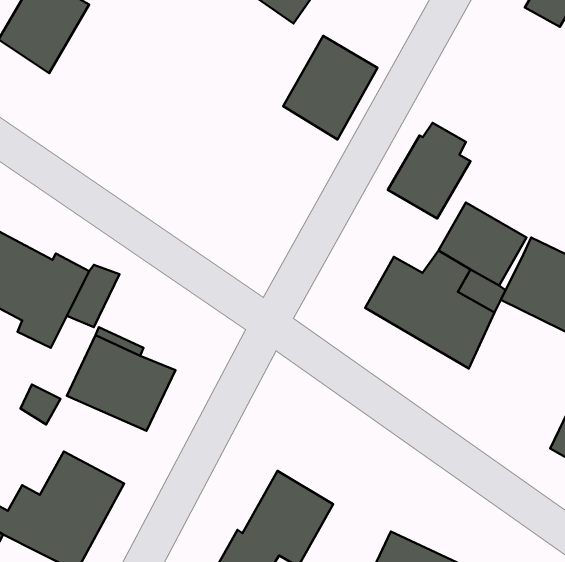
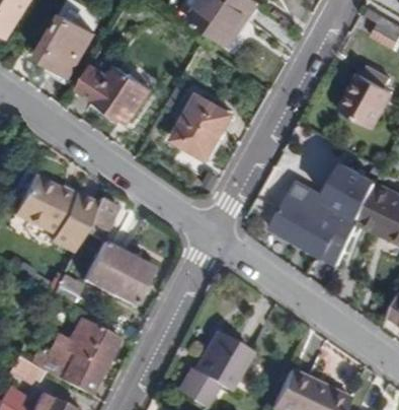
building: [283,36,377,140] -> [173,94,233,160]
building: none -> [80,65,152,122]
building: [388,123,471,219] -> [341,66,394,127]

